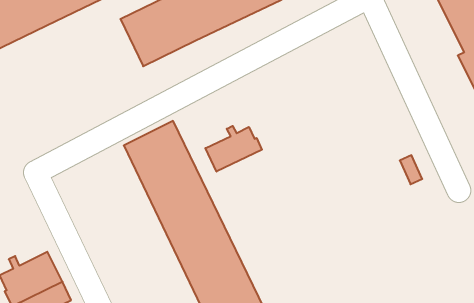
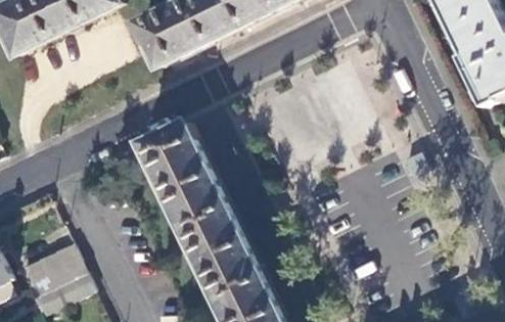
building: [205,126,262,172] -> none

